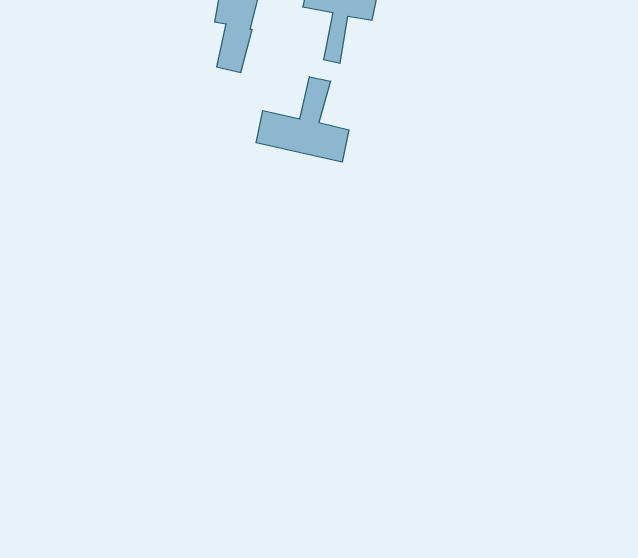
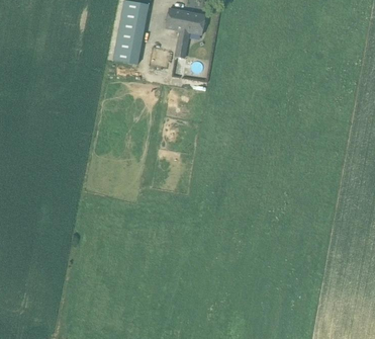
building: [256,77,349,162] -> none

